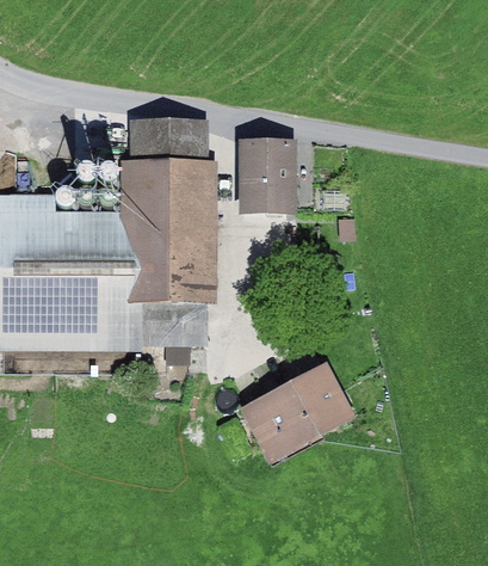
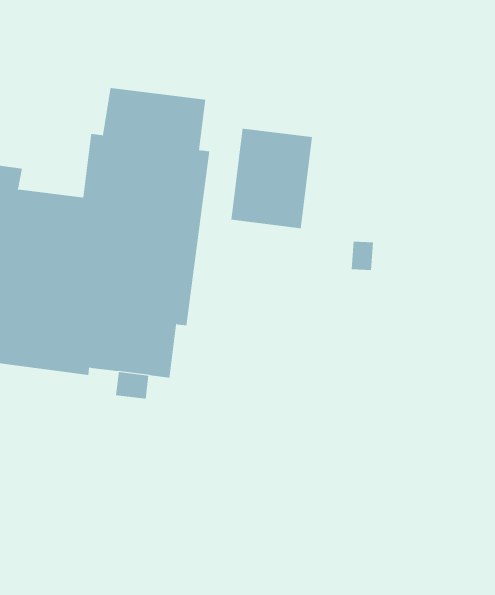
building: [240,367,352,465] -> none

